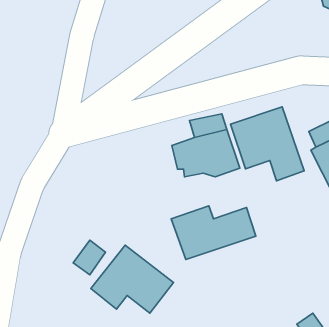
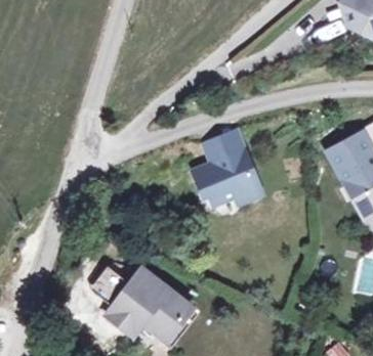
building: [231,107,304,181] -> none
building: [171,206,256,260] -> none

